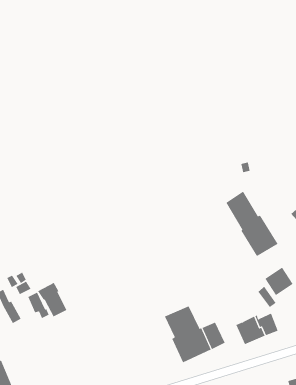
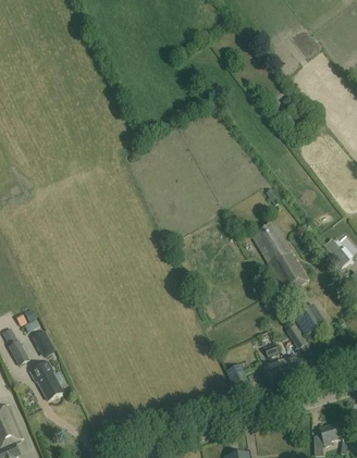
building: [37,282,67,317] -> [29,360,62,398]
building: [164,305,212,363] -> none

